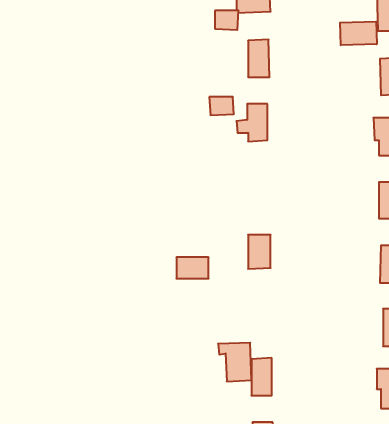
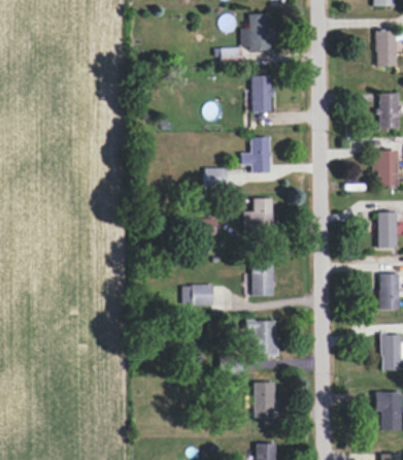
building: [340,22,377,45] -> none
building: [209,97,234,115] -> [204,168,228,186]
building: none -> [243,198,276,231]
building: [218,343,251,381] -> [245,320,277,357]

